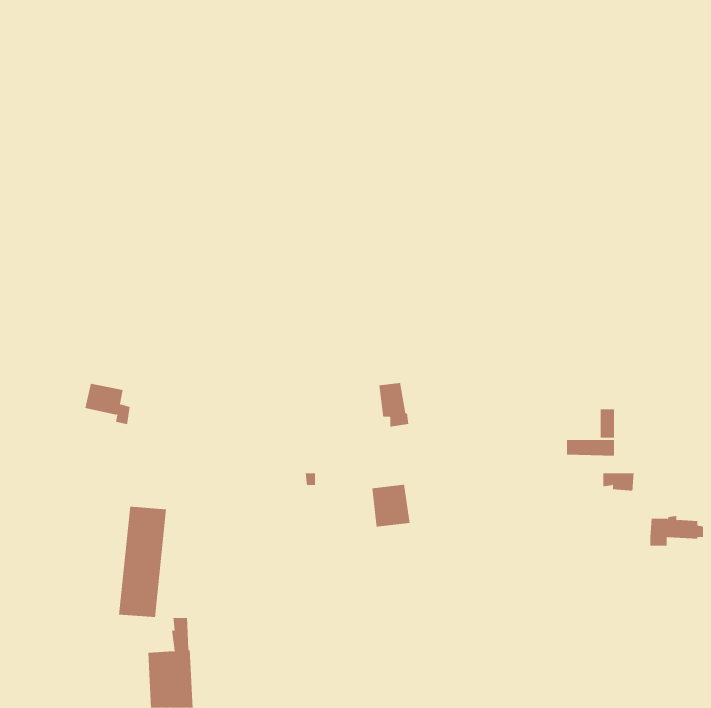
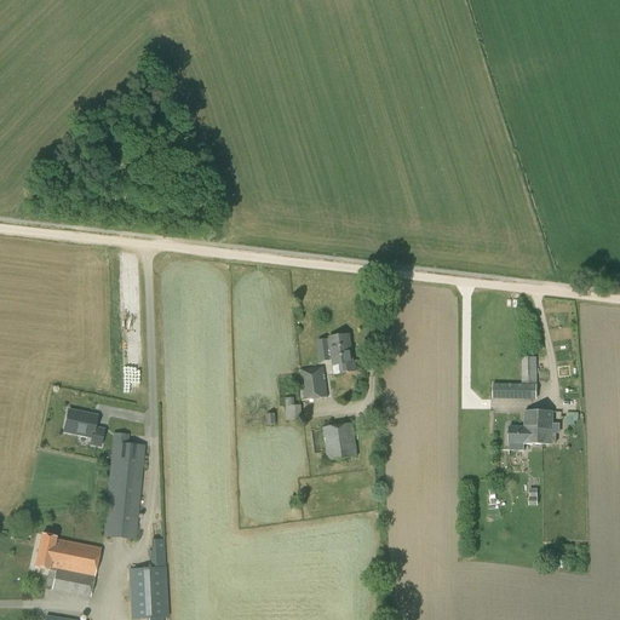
building: [85,383,131,425] -> [63,408,103,444]
building: none -> [299,364,328,398]
building: [649,515,704,546] -> [509,423,556,449]
building: none -> [35,534,98,590]

